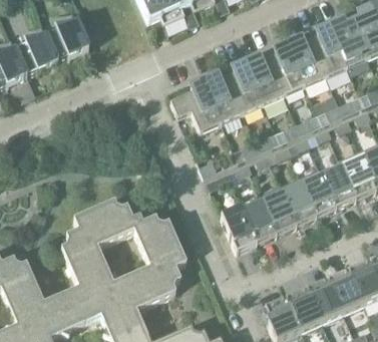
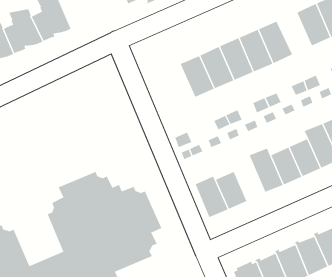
building: [311,30,348,75] -> none
building: [171,85,223,131] -> none
building: [261,184,298,233] -> none

